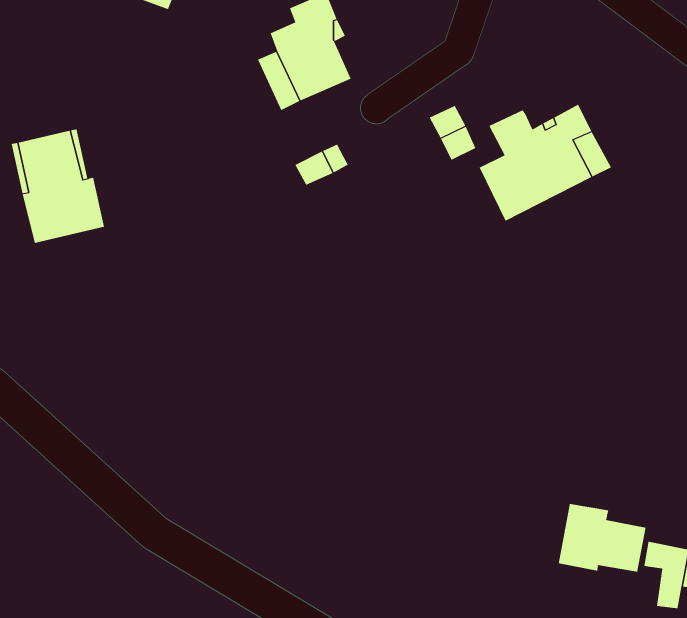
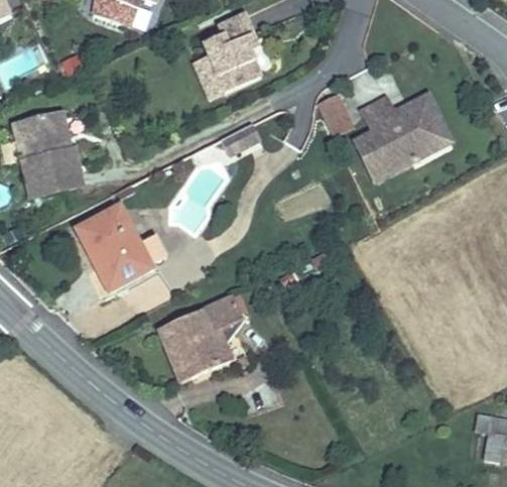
building: none -> [77,206,165,288]
building: none -> [159,295,241,381]
building: [558,503,646,572] -> none

